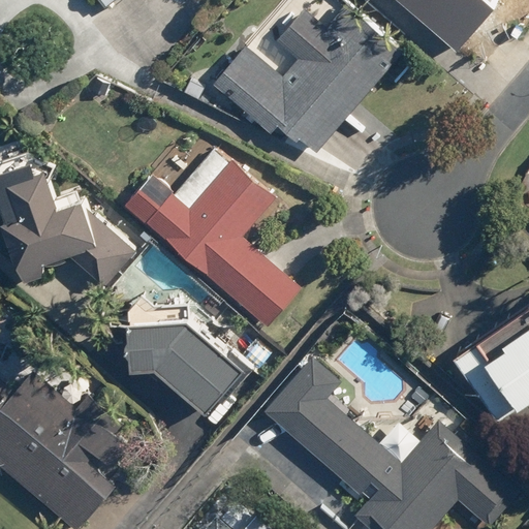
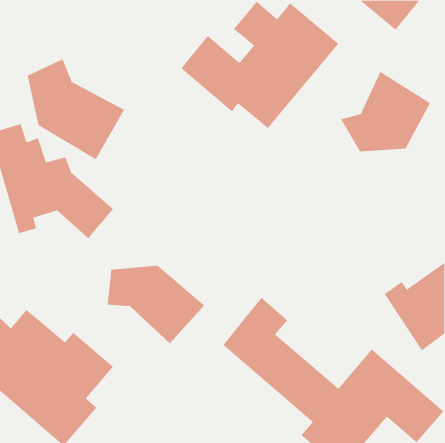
building: none -> [27,59,125,160]
building: none -> [340,71,431,152]
building: [118,161,300,328] -> none

